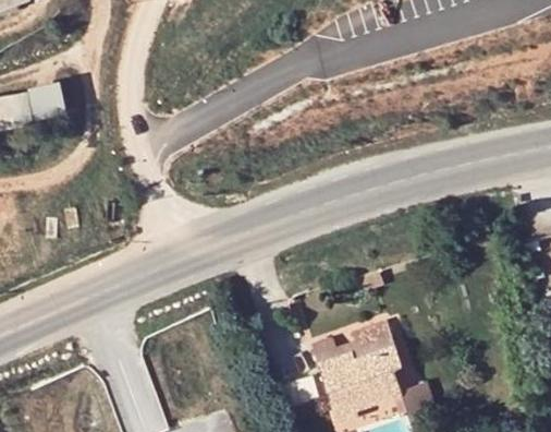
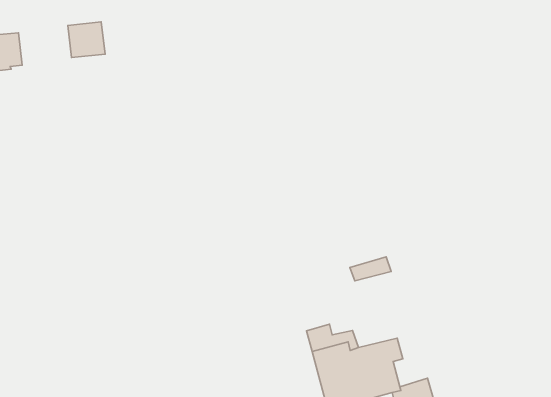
building: [28,85,64,120] -> [68,22,105,58]
building: [353,323,395,359] -> none

